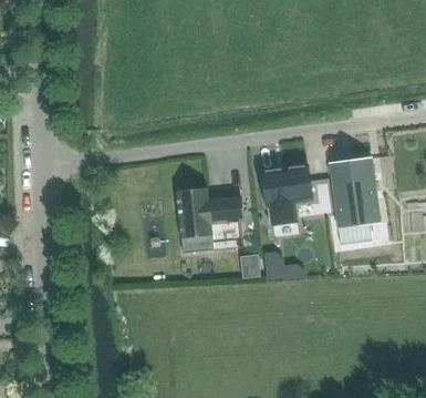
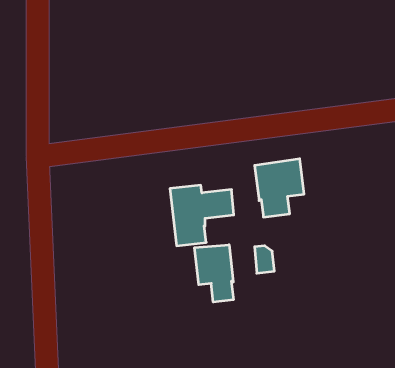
building: [329,157,381,244] -> none
building: none -> [195,245,233,302]

